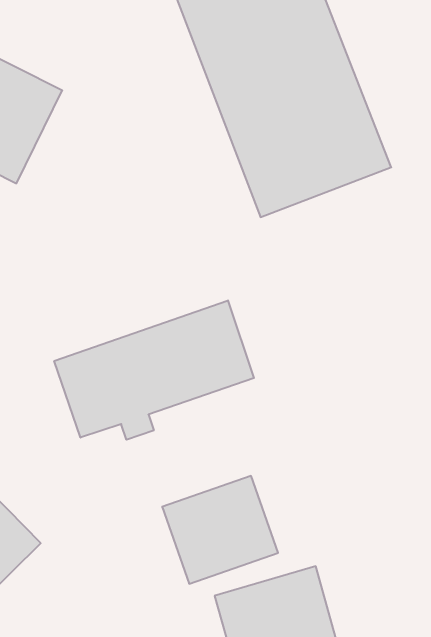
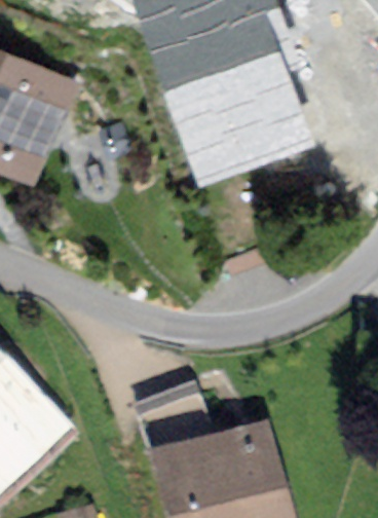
building: [54,300,254,440] -> none

